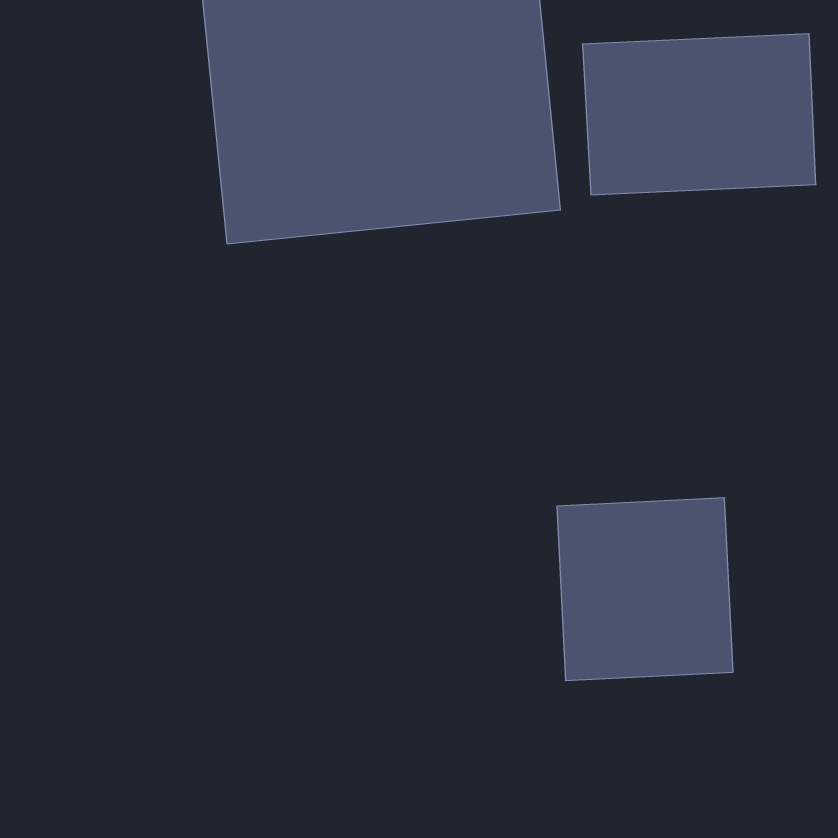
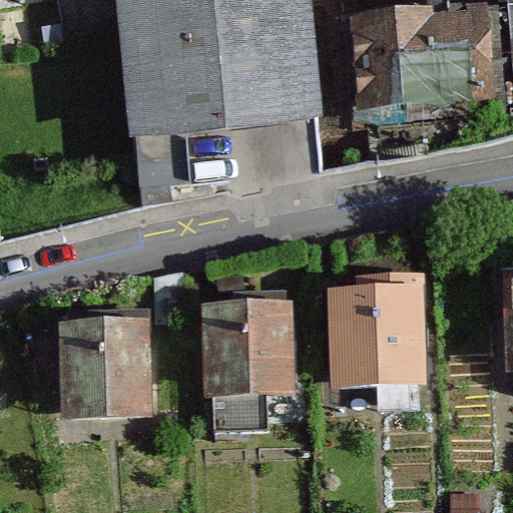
building: none -> [206,304,302,410]
building: none -> [59,319,168,426]

